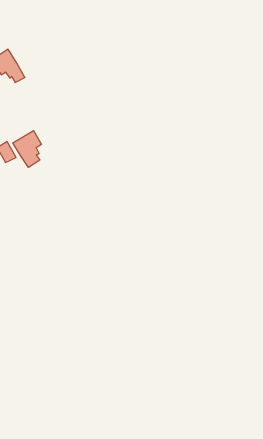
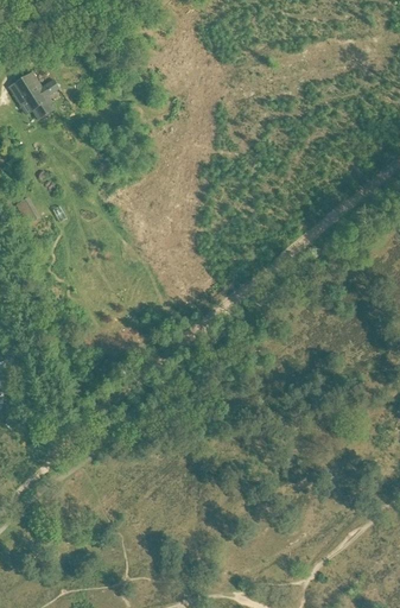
building: [13,131,41,167] -> none

